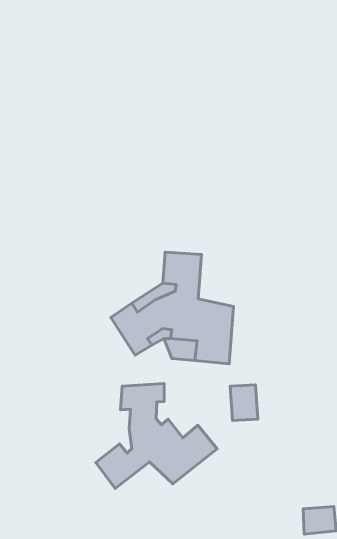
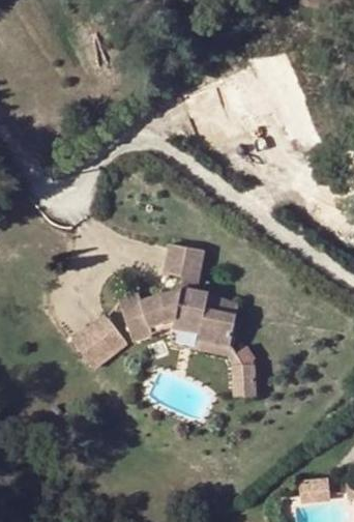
building: none -> [71,315,128,371]
building: [96,384,217,489] -> none

